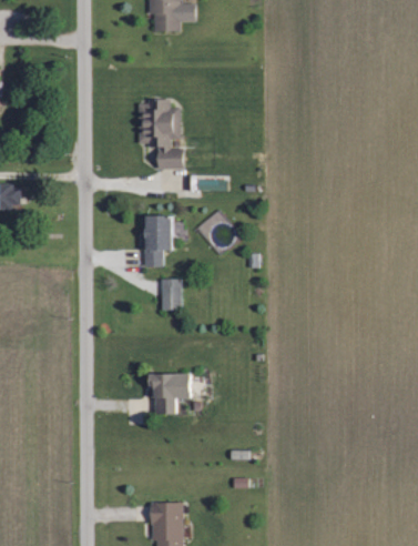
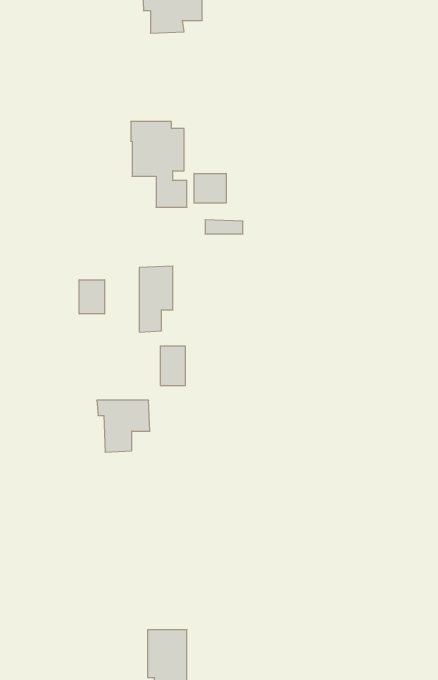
building: none -> [194,173,226,203]
building: none -> [79,280,105,314]
building: [149,374,191,415] -> [97,400,150,452]

